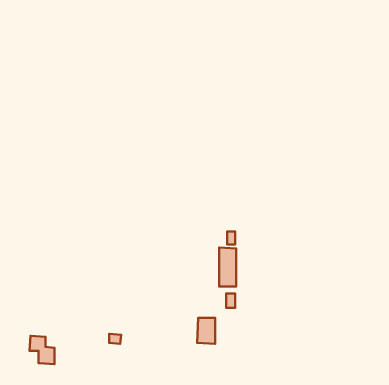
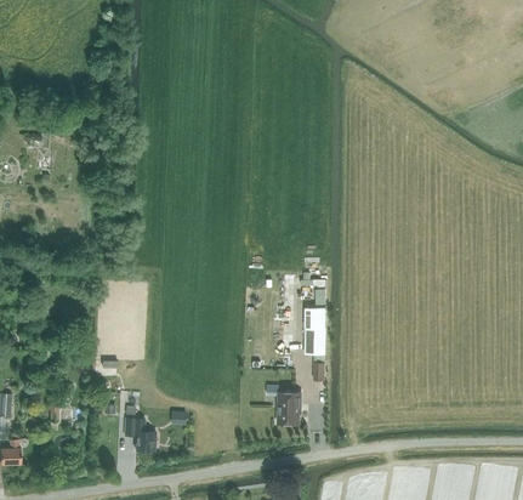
building: [30,336,55,364] -> [125,417,155,451]

